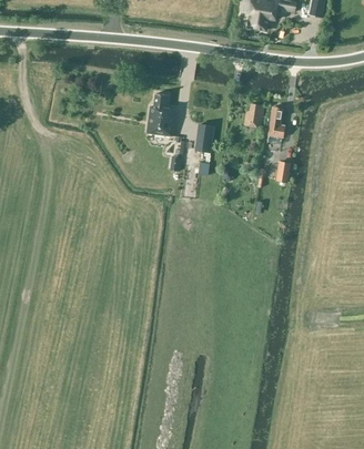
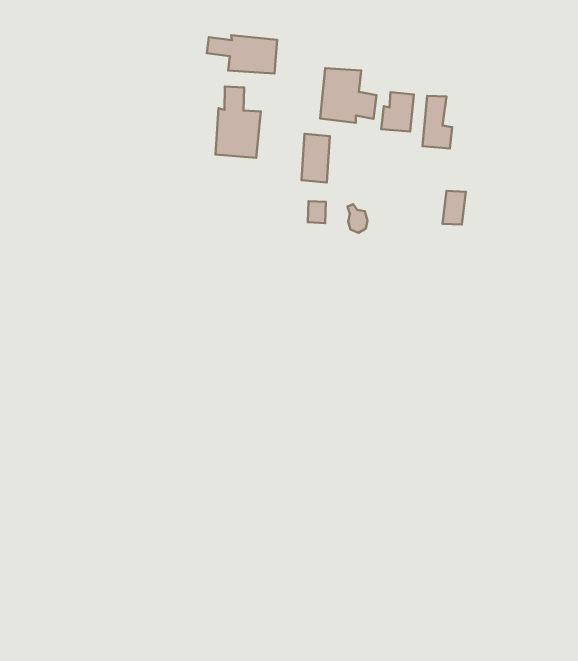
building: none -> [207,35,277,73]
building: none -> [320,68,376,123]

